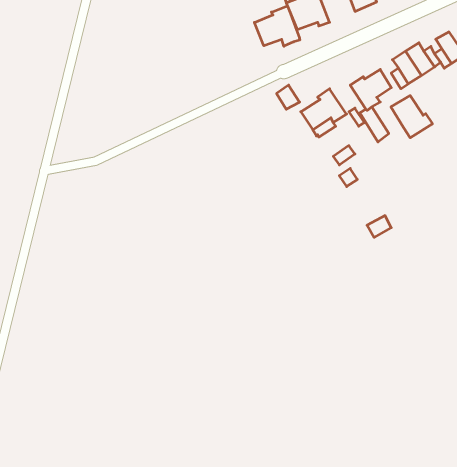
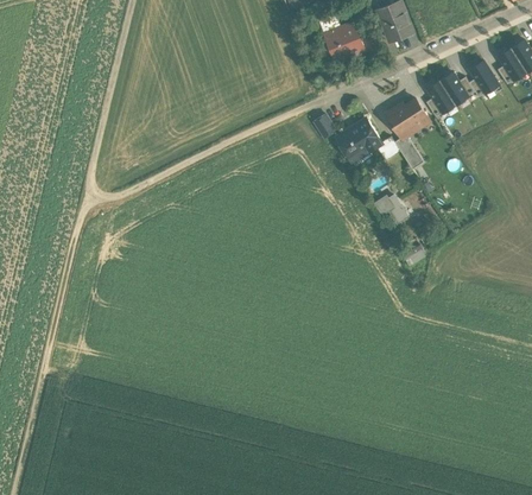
building: [254,6,300,46] -> none
building: [391,96,432,138] -> none

